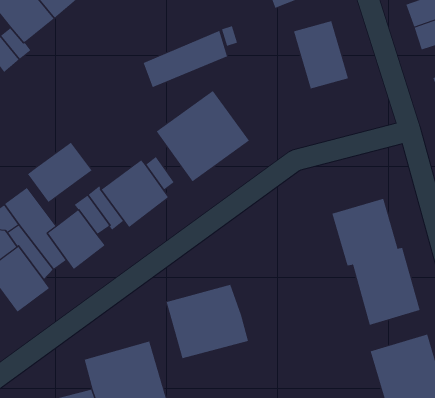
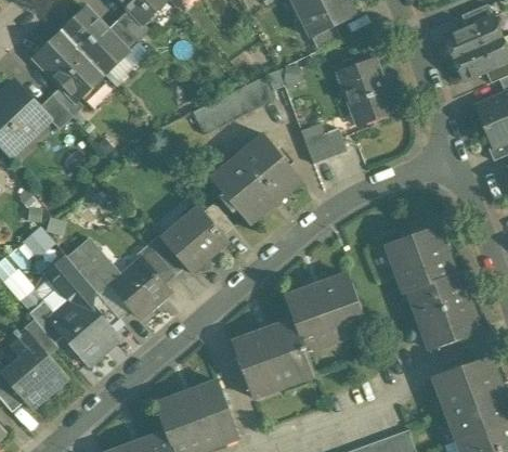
building: none -> [299,124,346,165]
building: [27,142,92,203] -> none
building: none -> [284,274,366,350]

